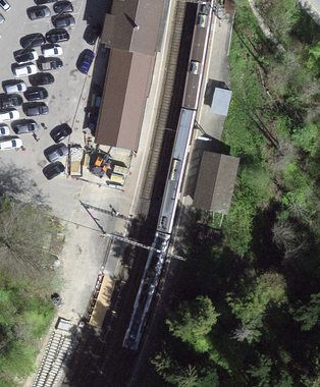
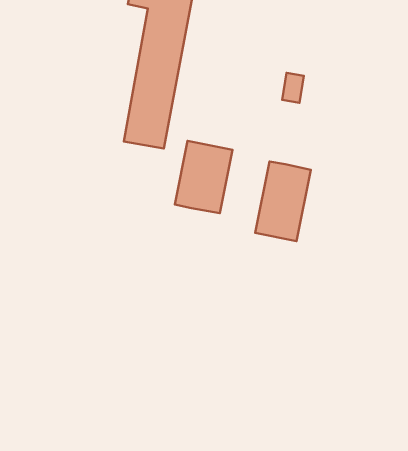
building: none -> [175,141,232,213]

